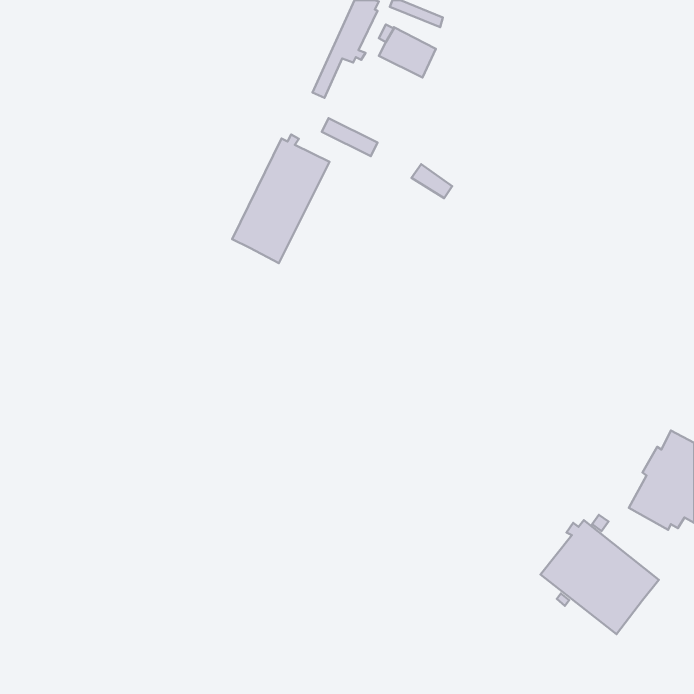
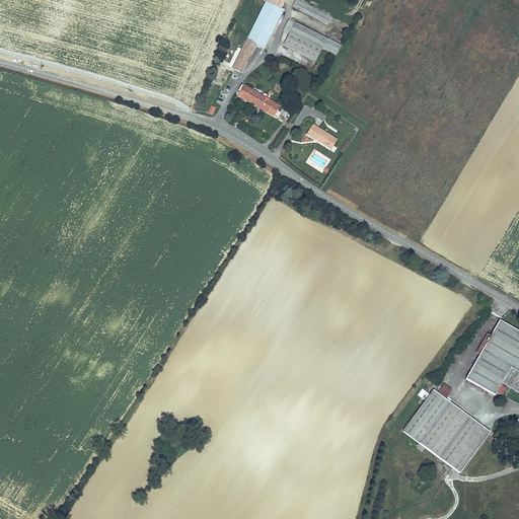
building: [232,134,329,263] -> none

